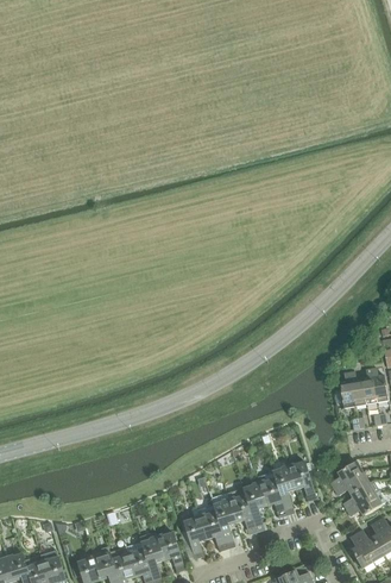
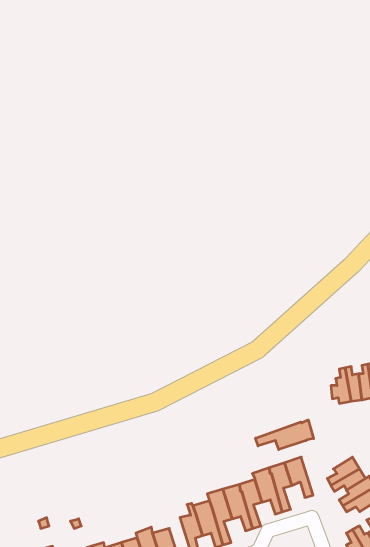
building: none -> [256,420,314,450]

